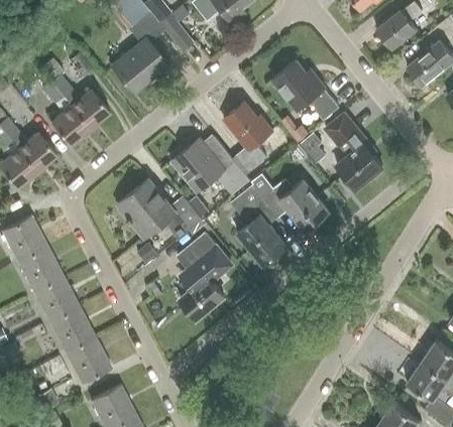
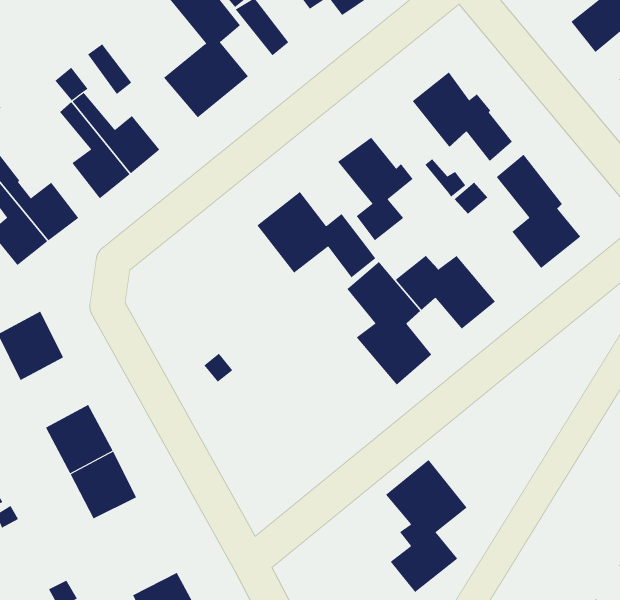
building: [117,180,202,240] -> none
building: [177,233,230,319] -> [385,459,468,593]
building: [18,247,63,292] -> none
building: [66,337,110,382] -> none

